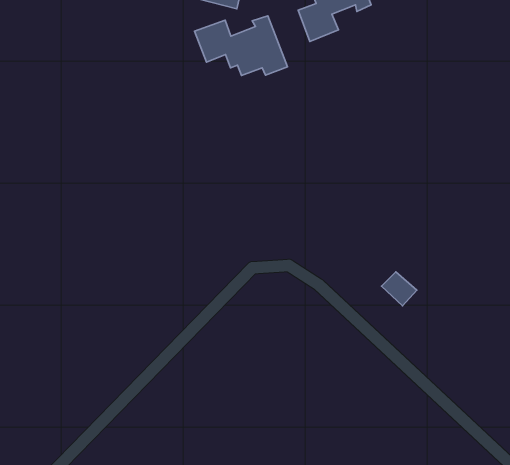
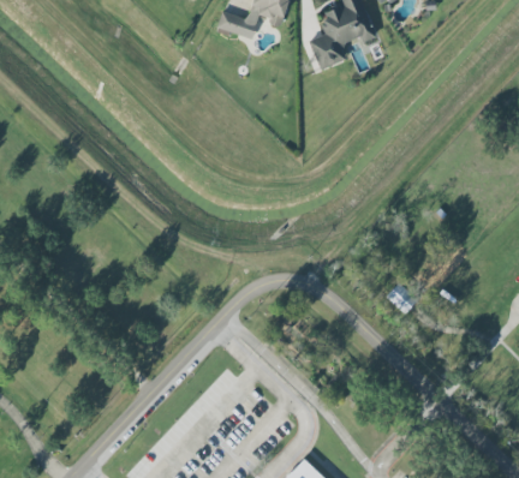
building: [194,16,287,75] -> none

